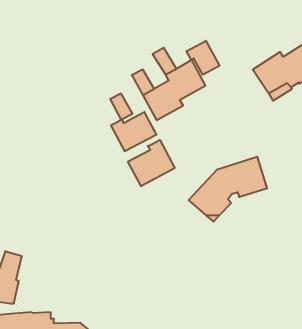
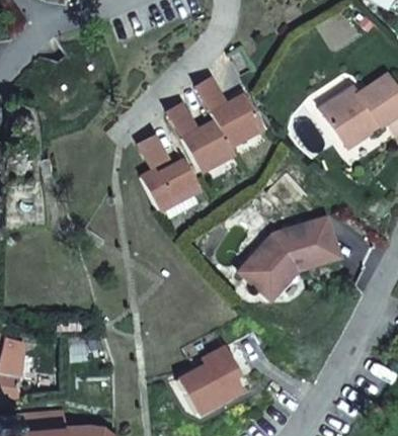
building: [187,41,220,75] -> none
building: [128,140,175,186] -> none
building: none -> [178,347,242,413]

